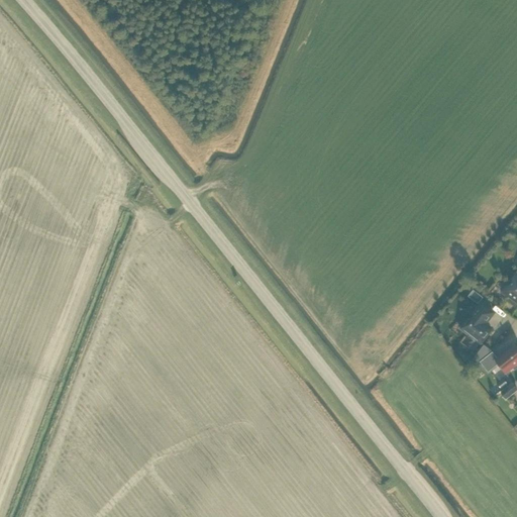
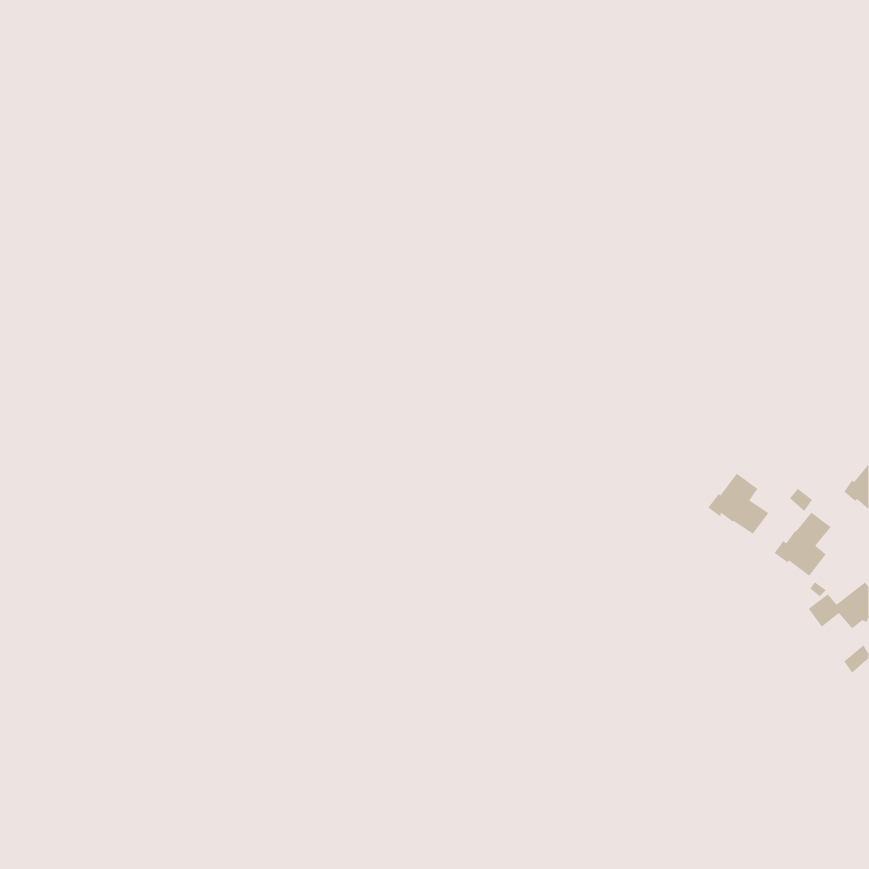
building: none -> [708,473,769,535]

